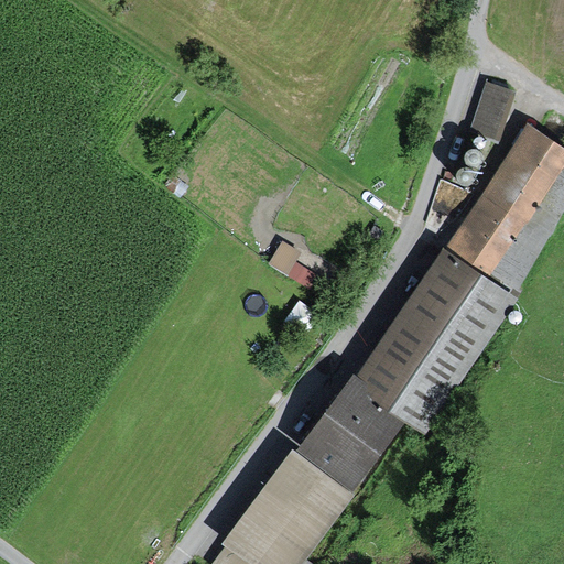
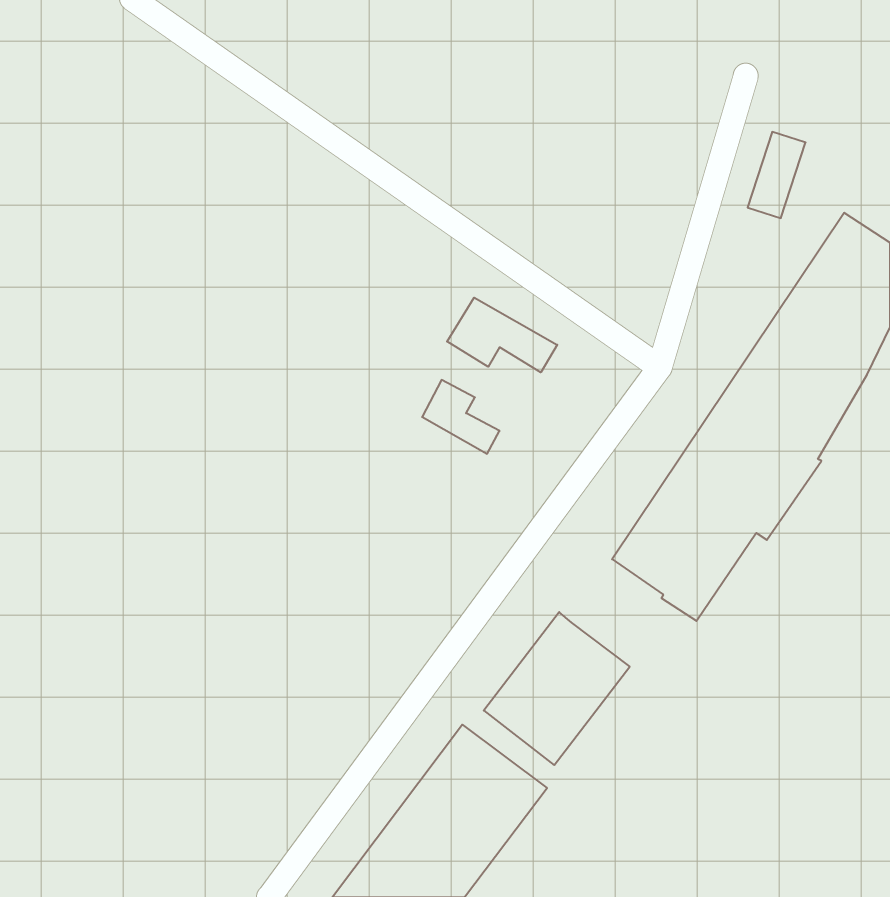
building: none -> [447,298,557,372]
building: [358,350,436,427] -> none

